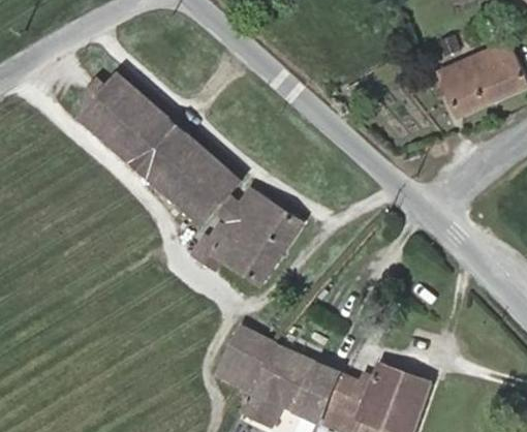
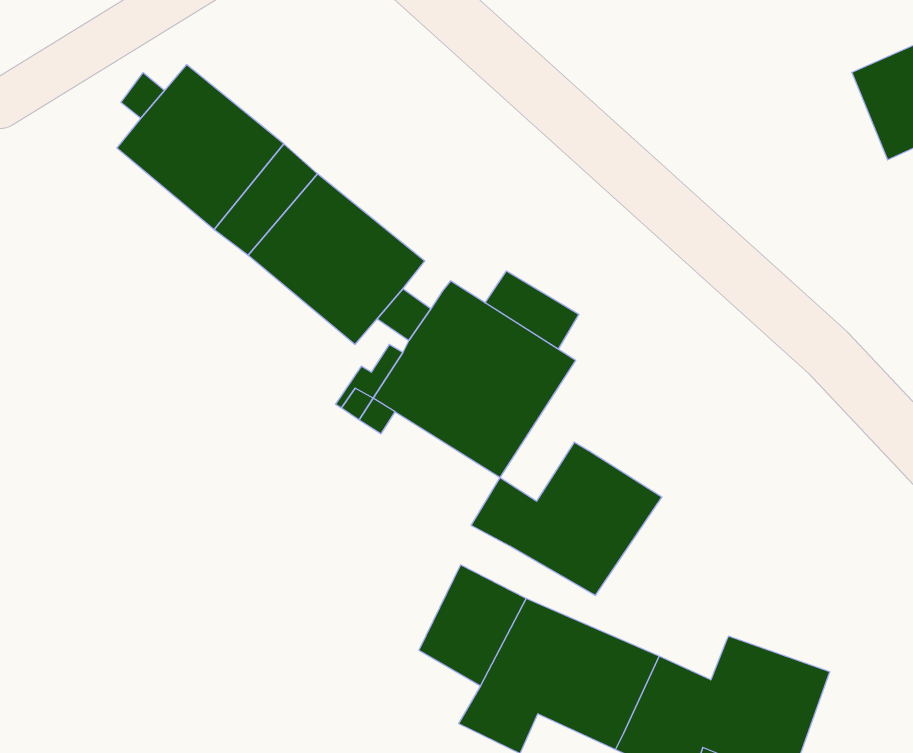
building: none -> [485,271,579,349]
building: none -> [471,442,662,596]

